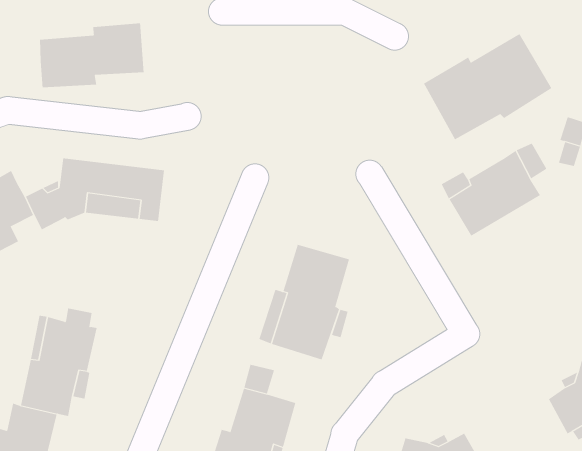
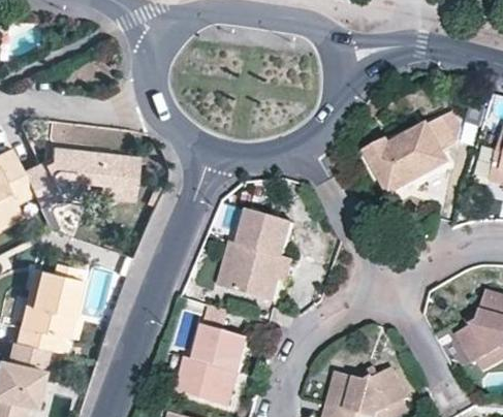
building: [40,22,144,88] -> none
building: [423,33,552,140] -> none

